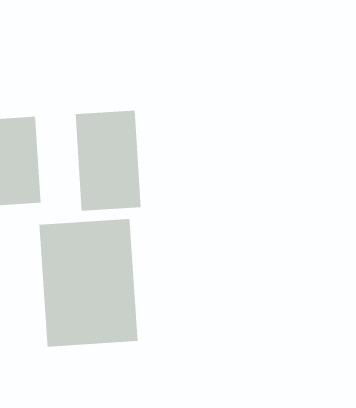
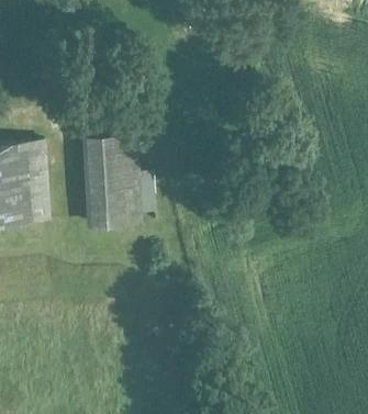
building: [39,218,138,348] -> none

